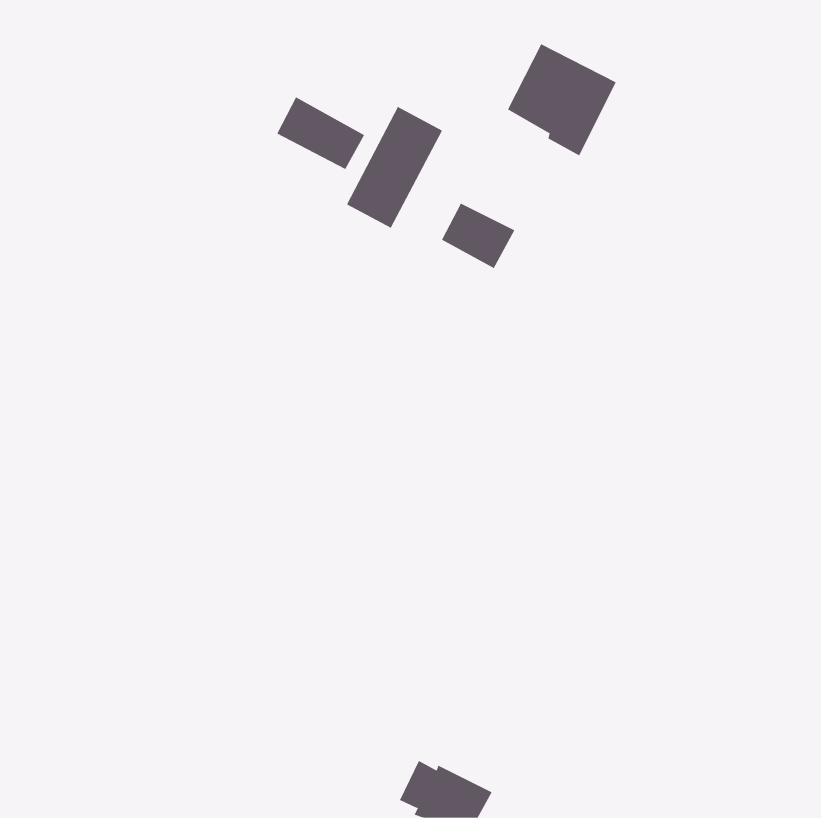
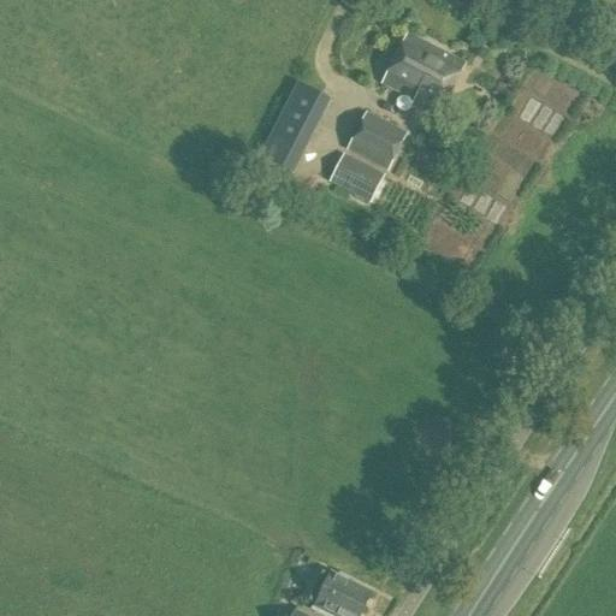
building: [276,97,365,170] -> none
building: none -> [346,108,408,168]

